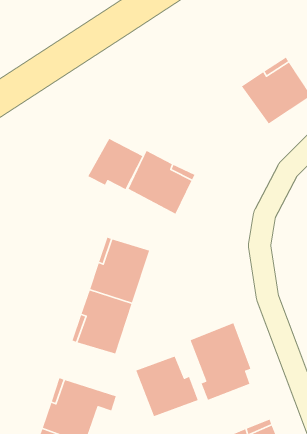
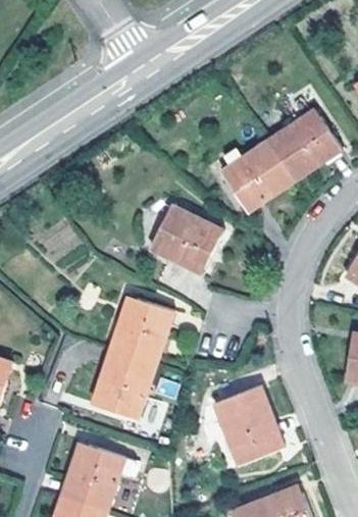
building: none -> [220,140,297,212]
building: [87,138,144,190] -> none
building: [135,356,199,417] -> none

